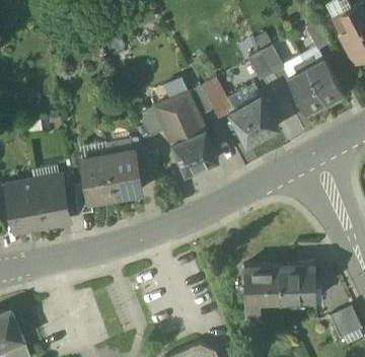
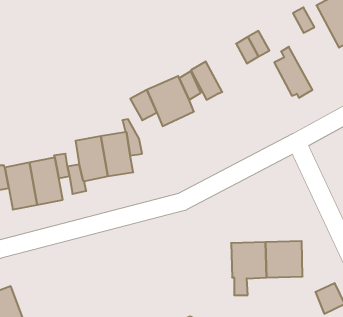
building: [302,59,342,108] -> none
building: [228,95,277,144] -> none
building: [171,130,217,175] -> none

